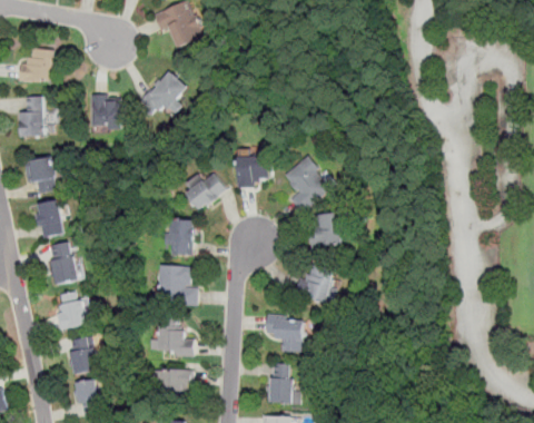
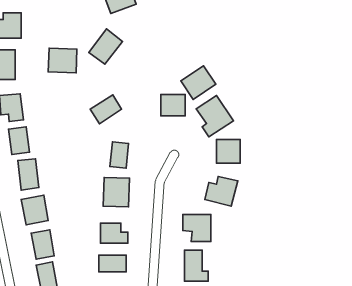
building: none -> [181,66,216,99]
building: [185,173,226,210] -> [90,95,121,124]

